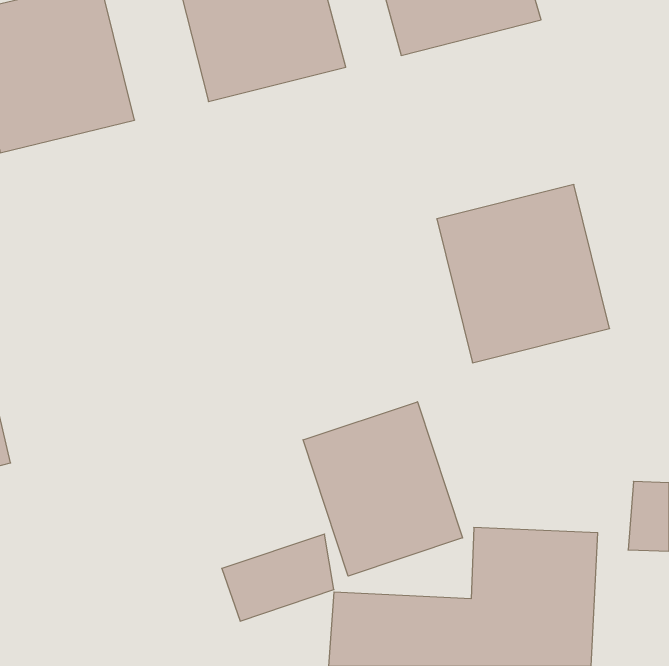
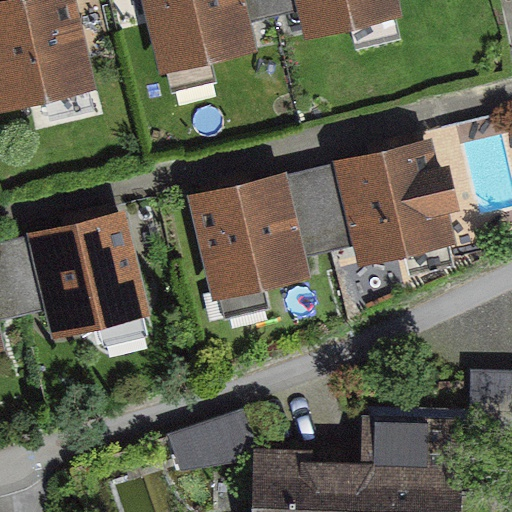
building: none -> [186,174,314,306]
building: none -> [23,212,152,344]
building: [303,402,463,576] -> none

